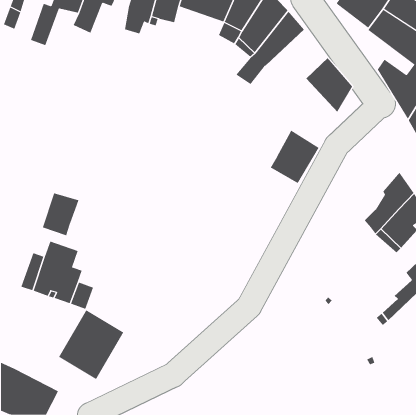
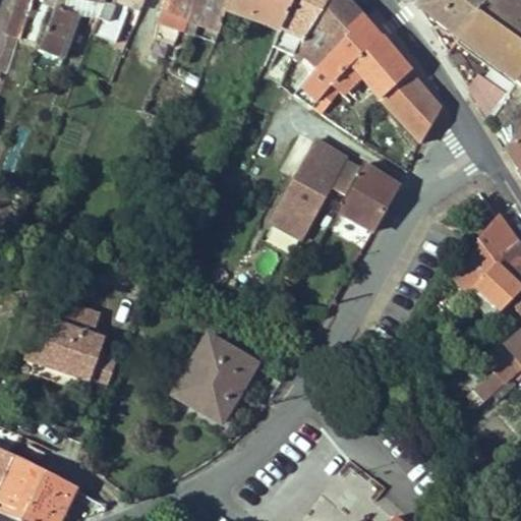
building: none -> [314,37,410,111]
building: none -> [271,137,360,238]
building: [42,192,79,236] -> none
building: [58,310,124,380] -> [175,334,257,421]

